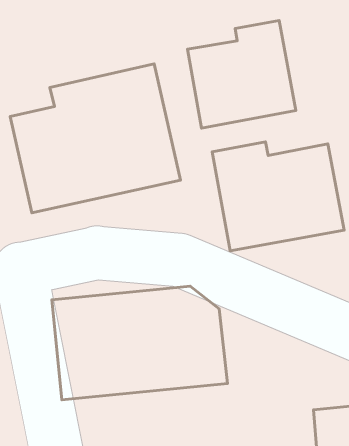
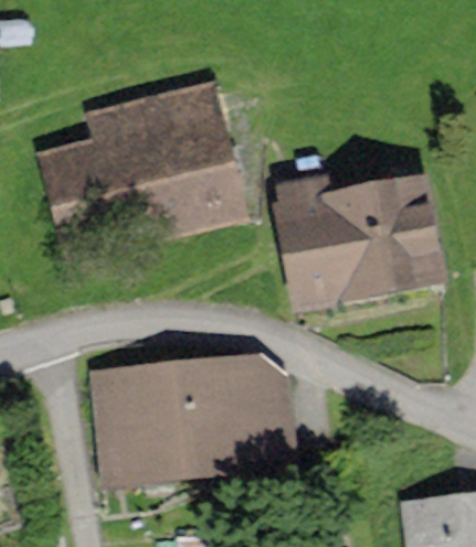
building: [187,20,296,128] -> none

